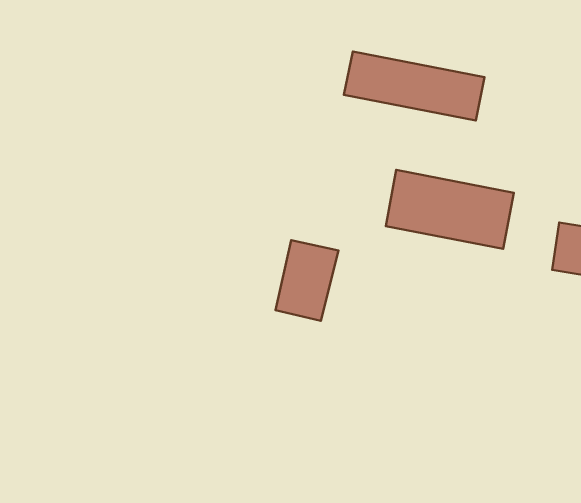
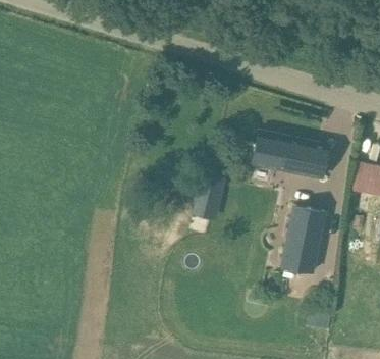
building: [344,52,484,121] -> none
building: none -> [280,206,324,272]

